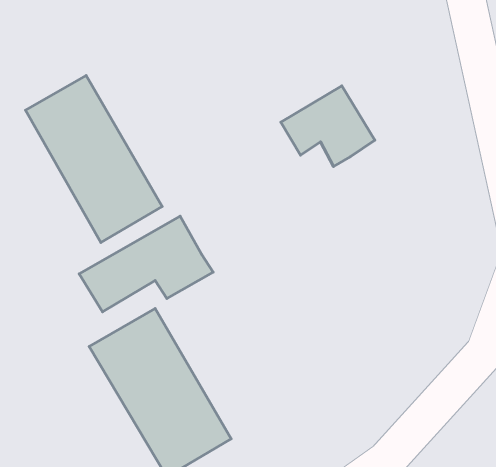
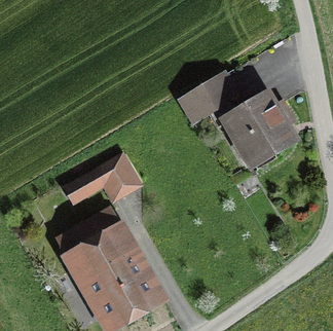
building: [26,76,162,242] -> none
building: none -> [227,94,293,161]

